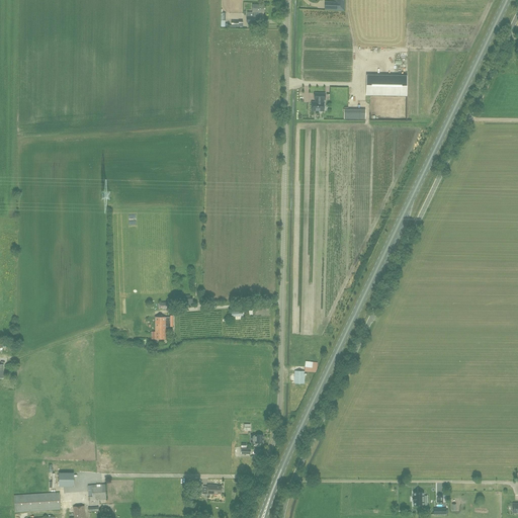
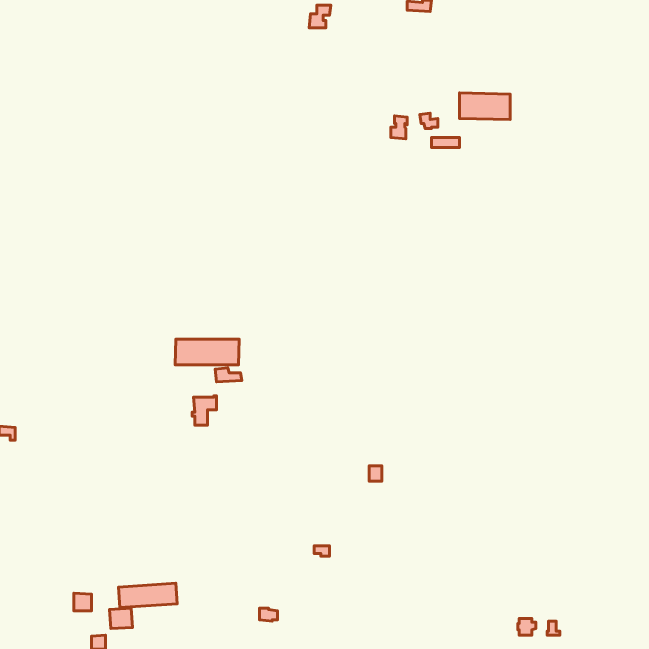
building: none -> [175,339,239,365]
building: [13,492,60,511] -> [119,583,177,607]

